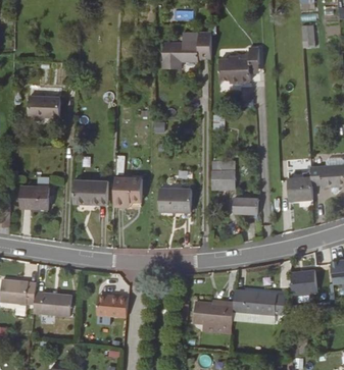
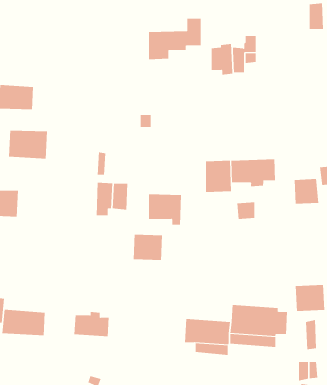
building: none -> [231,159,276,187]
building: [72,179,107,205] -> [8,130,48,159]
building: none -> [133,234,163,261]

